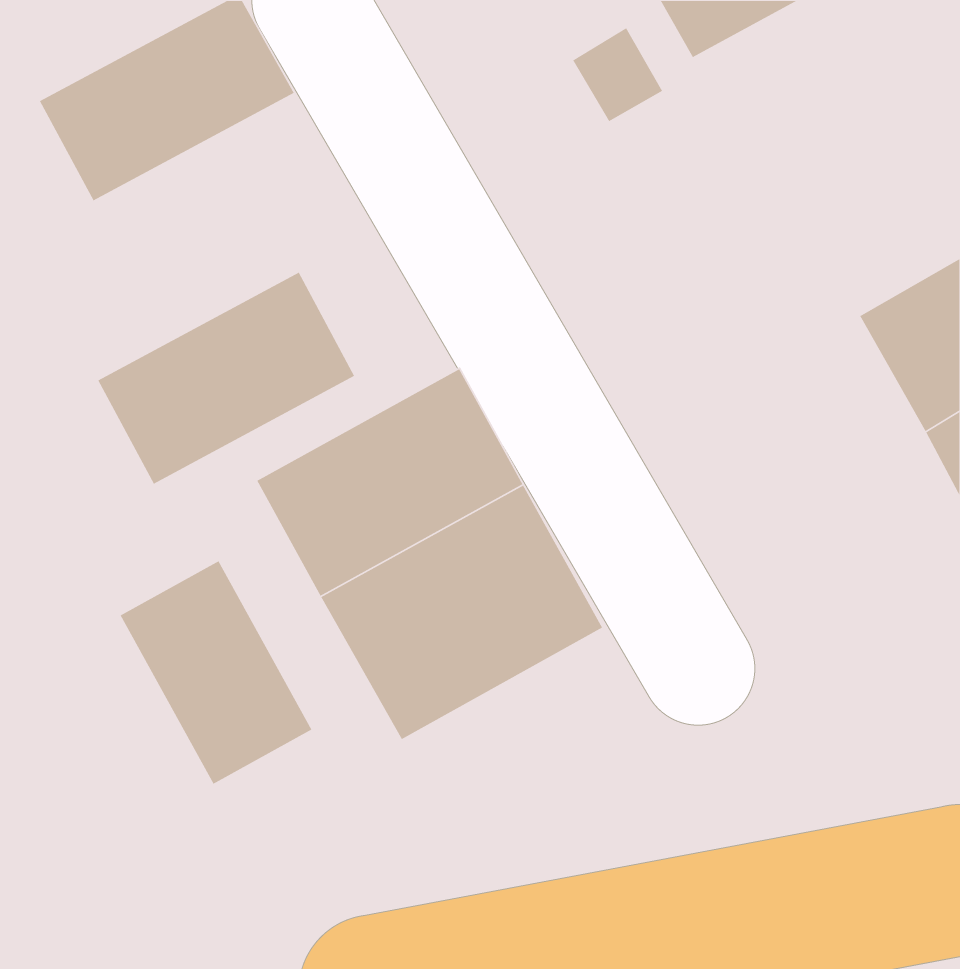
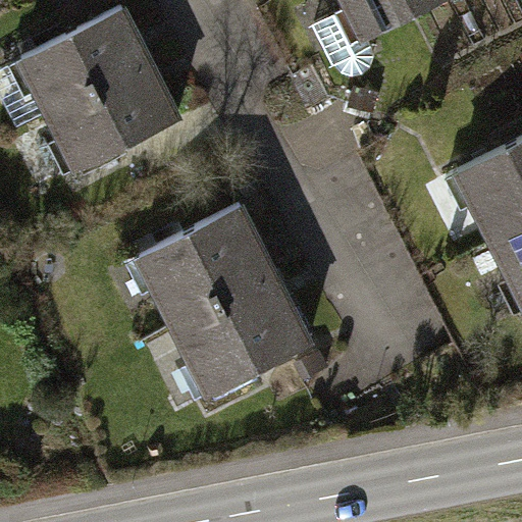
building: [97,272,355,485] -> [49,60,185,172]
building: [119,560,313,785] -> none

